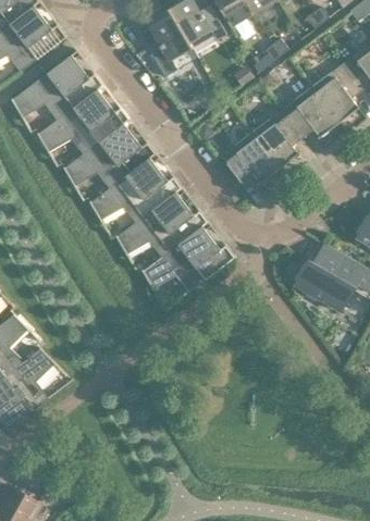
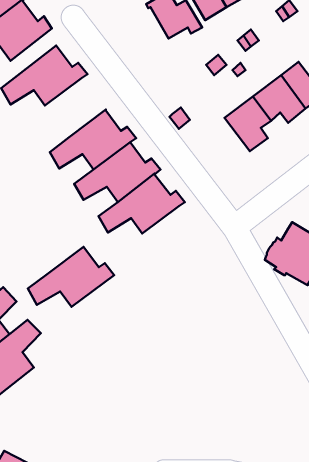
building: [147,14,190,77] -> none
building: [37,90,130,153] -> none
building: [220,133,278,184] -> none
building: [141,227,234,291] -> [28,247,114,307]

